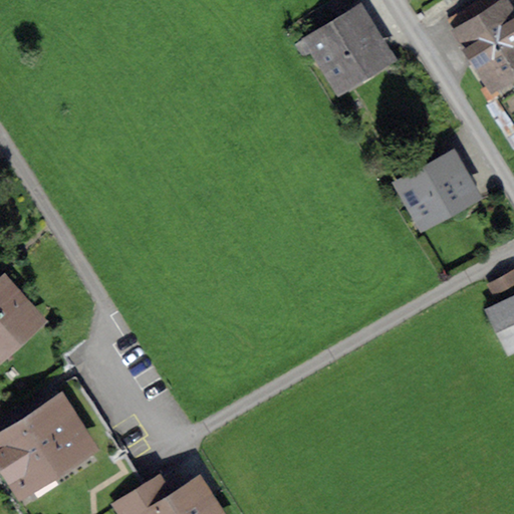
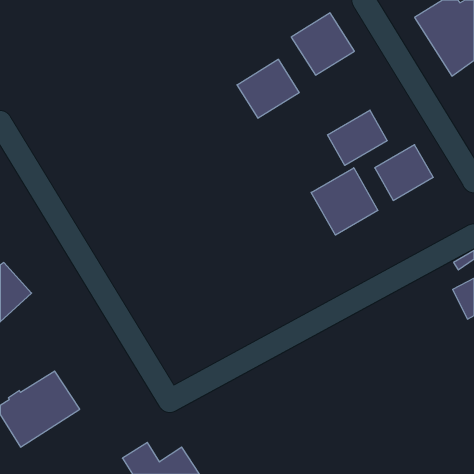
building: none -> [237,59,299,118]
building: none -> [328,110,387,165]
building: none -> [311,168,378,235]

